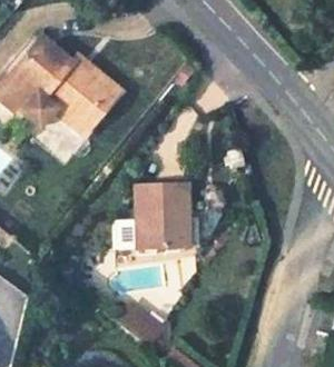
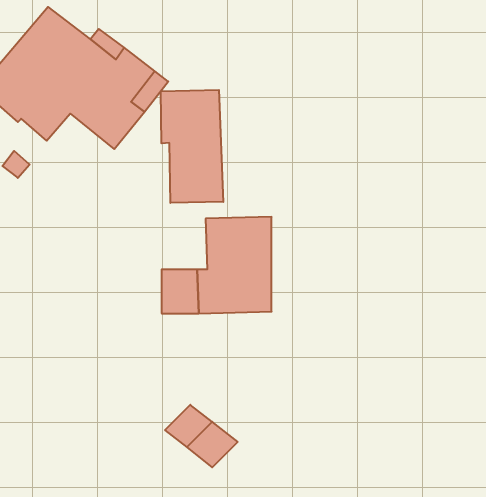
building: none -> [161,90,223,203]

